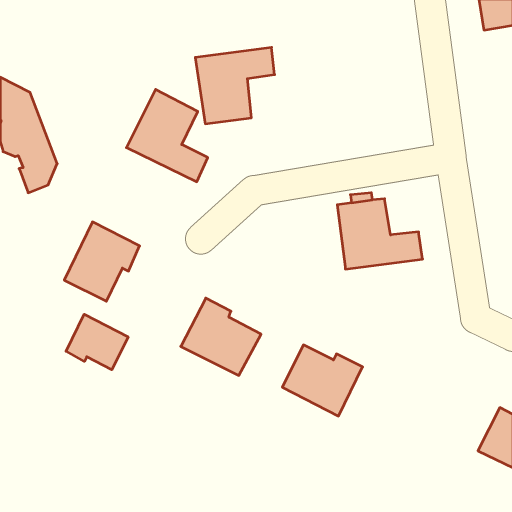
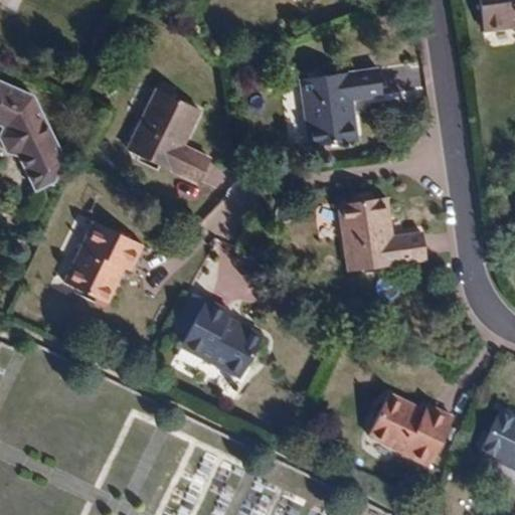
building: [195,47,275,124] -> [301,68,380,145]
building: [66,314,128,370] -> none
building: [282,345,363,416] -> [370,394,451,466]

